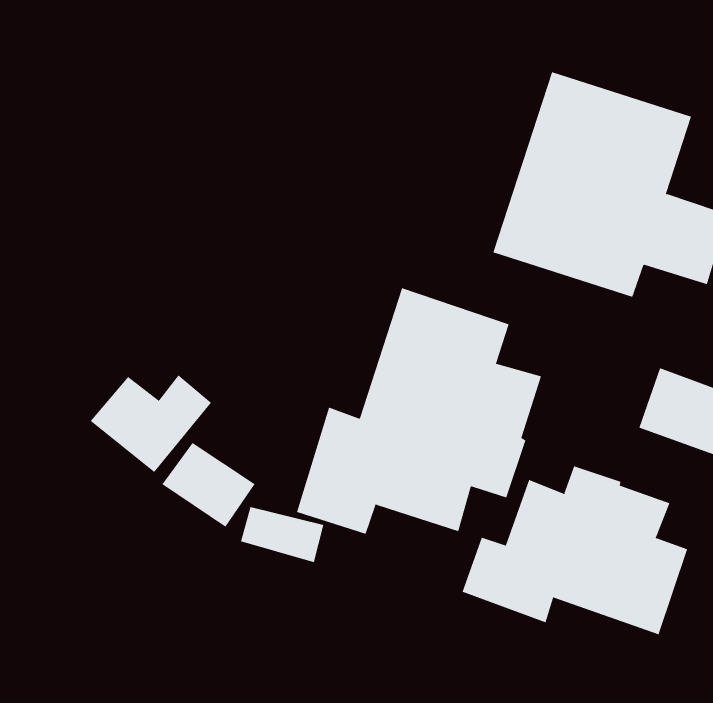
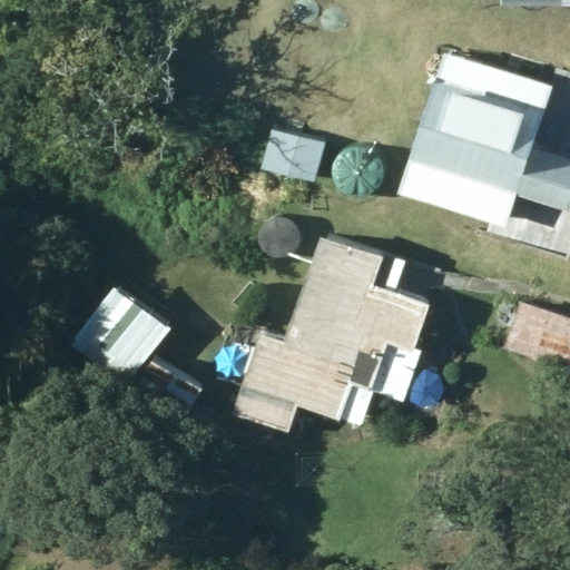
building: [462,465,688,635] -> none

